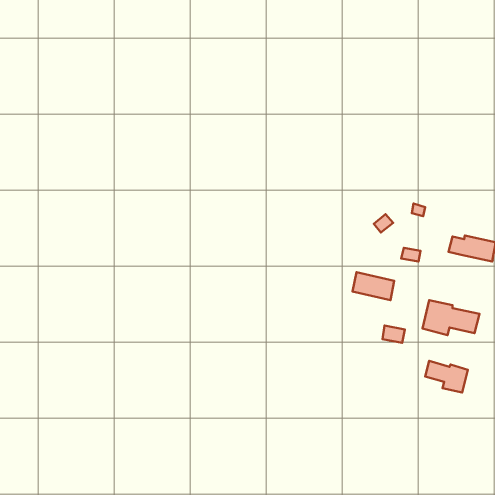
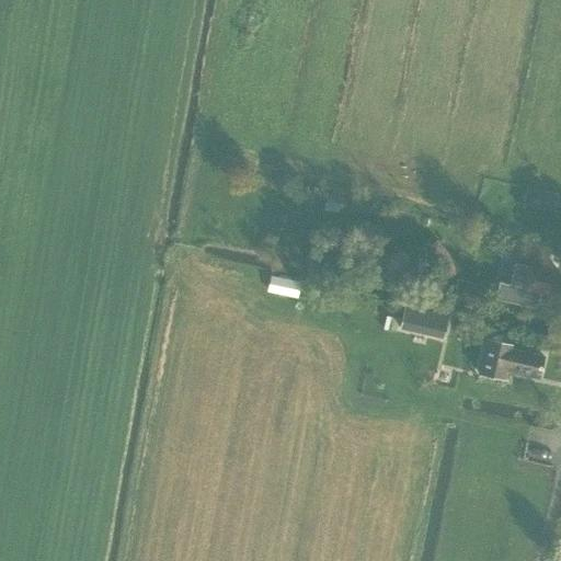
building: [425,361,468,393] -> none

